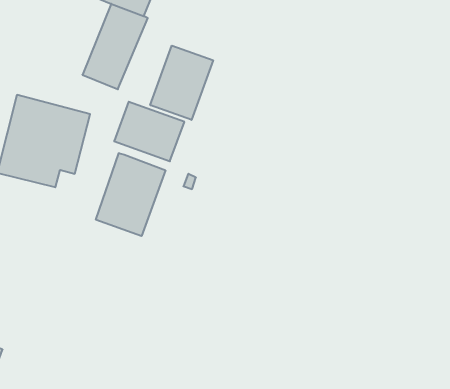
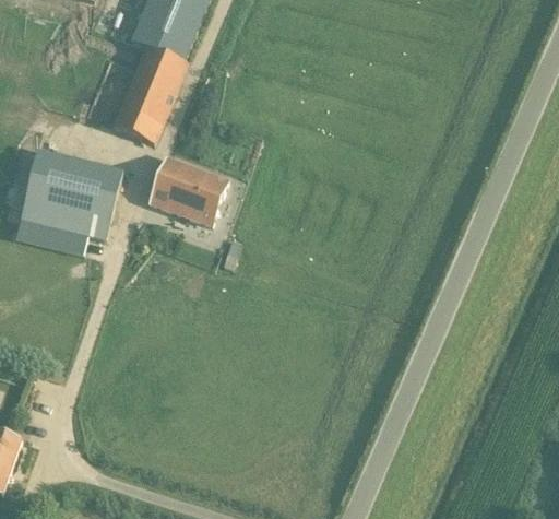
building: [150,46,213,120] -> none
building: [96,153,165,236] -> none

